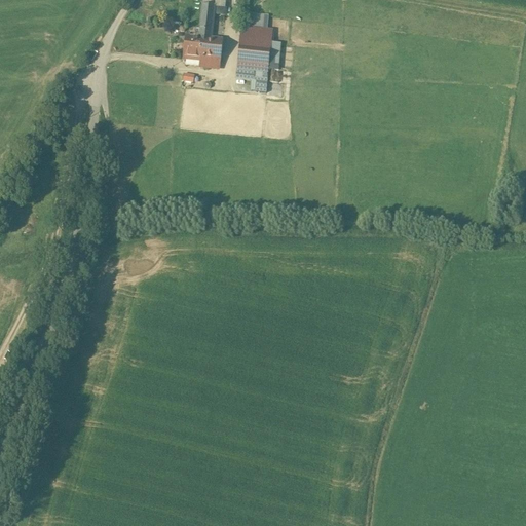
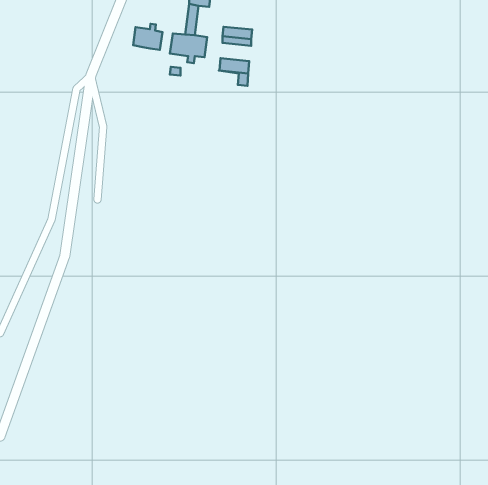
building: none -> [133,24,162,50]
building: [237,46,270,66] -> none

